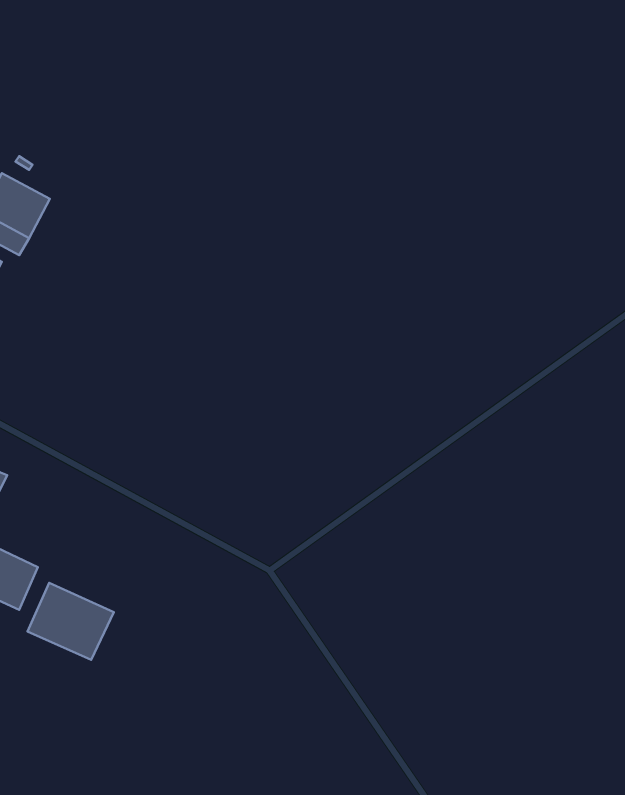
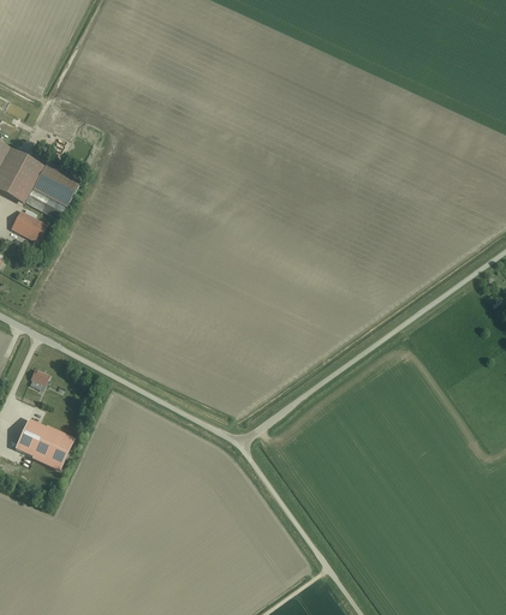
building: [28,583,114,660] -> none

